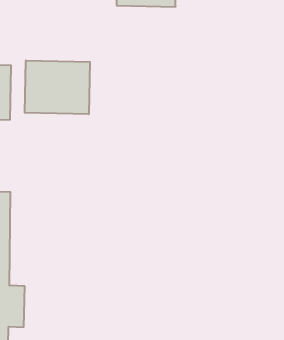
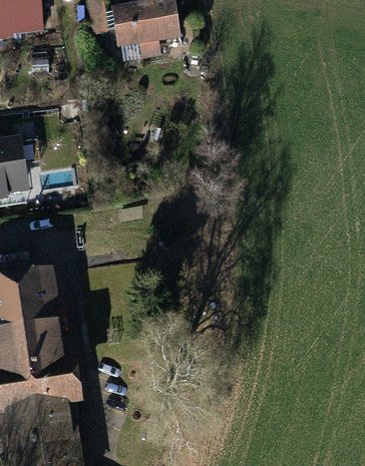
building: [25,60,90,114] -> none

